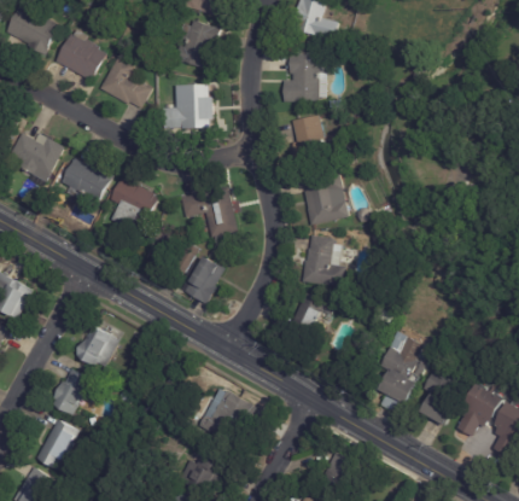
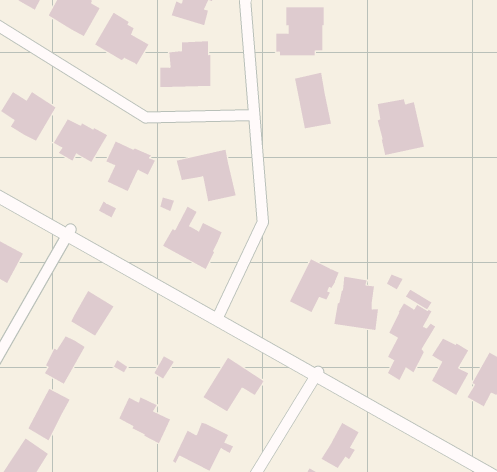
building: [303,171,349,226] -> [377,99,425,156]
building: [301,235,344,287] -> [333,276,379,330]
building: none -> [118,397,171,444]

